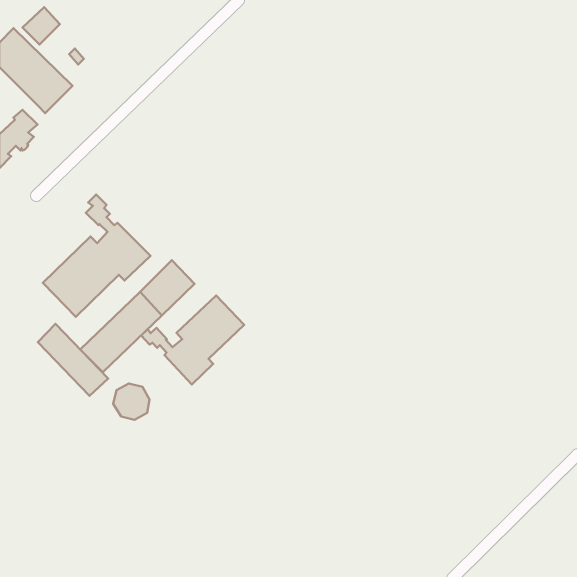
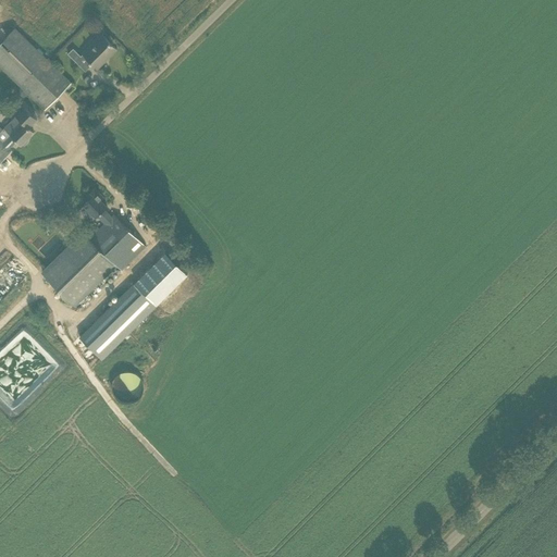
building: [23,7,60,44] -> [79,34,115,70]
building: [141,295,244,384] -> none
building: [38,324,108,396] -> none

